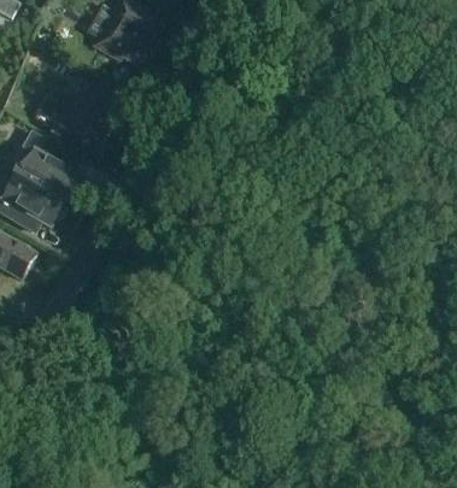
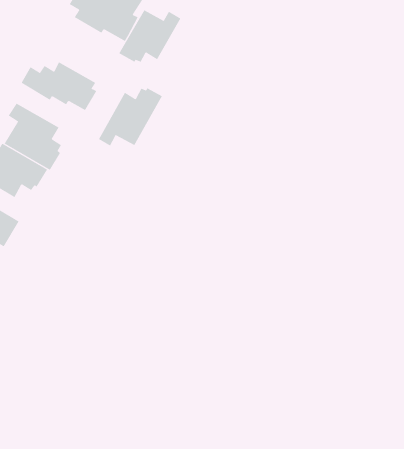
building: none -> [117,9,181,63]
building: none -> [98,87,164,146]

